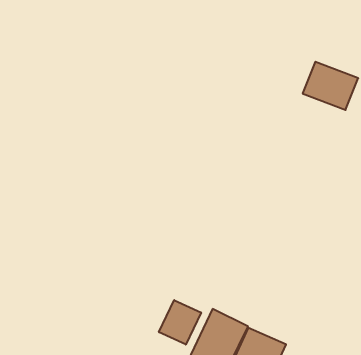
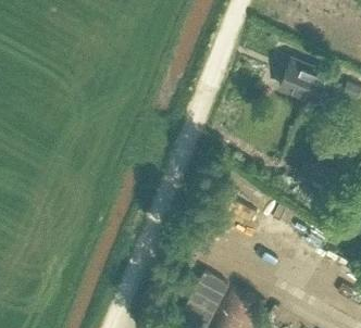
building: [159,300,201,345] -> none

